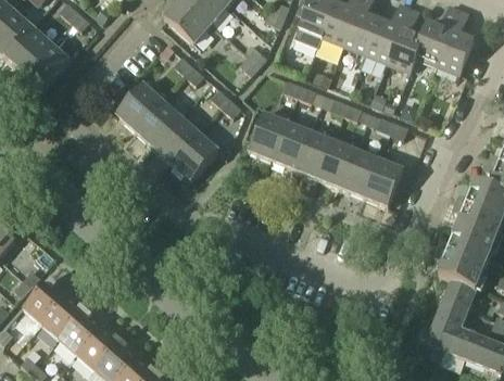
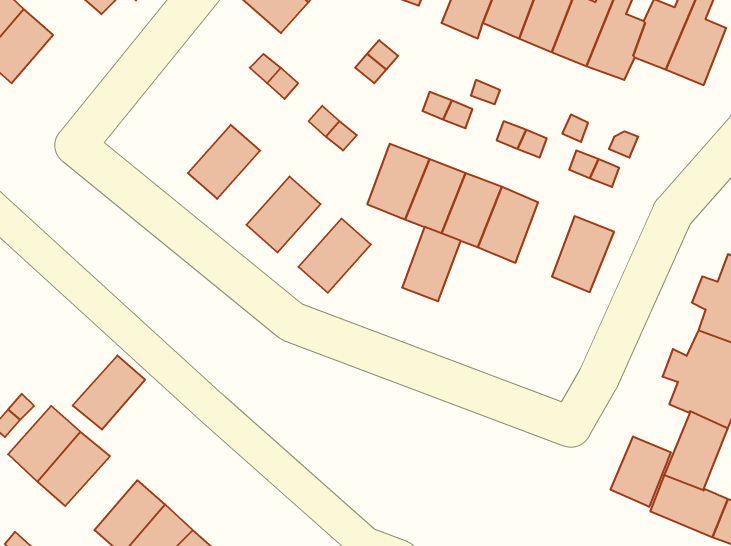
building: [24,43,70,90] -> none
building: [115,82,162,130] -> none
building: [153,116,199,163] -> [298,219,371,293]
building: [341,149,378,195] -> [402,227,461,301]
building: none -> [610,436,671,507]
building: [58,308,103,355] -> [73,355,145,430]

